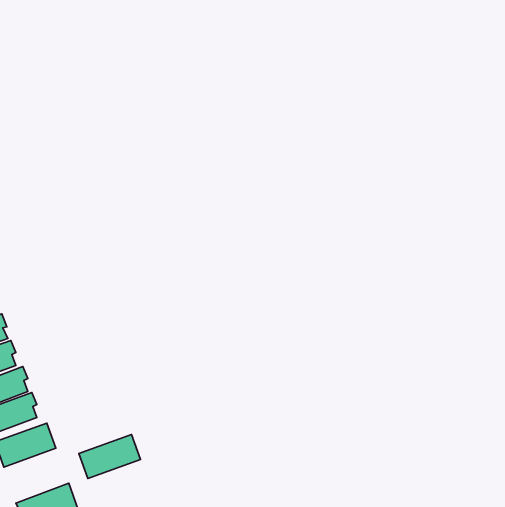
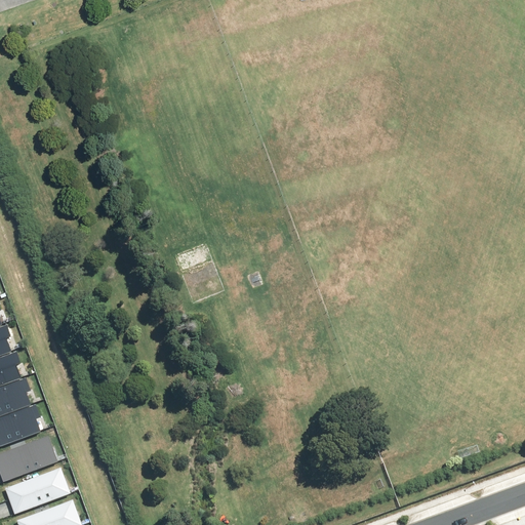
building: [79,435,140,478] -> [6,467,70,512]

